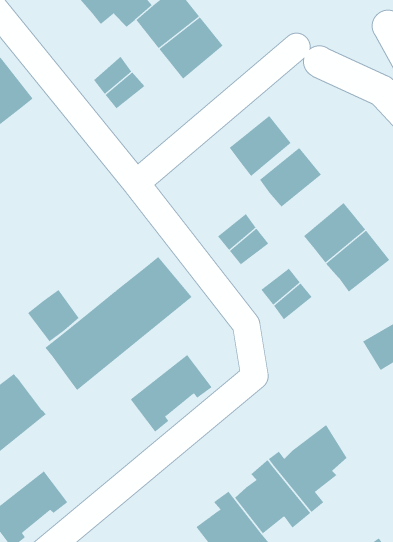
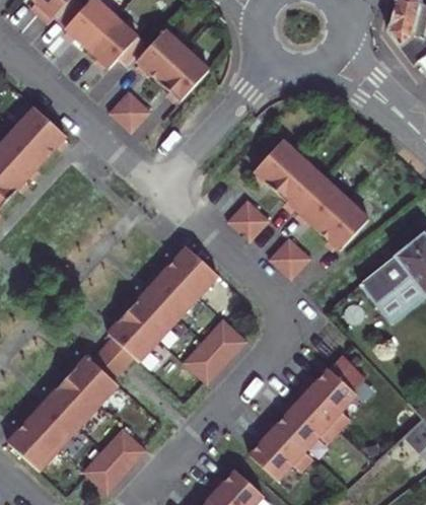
building: [229,115,292,177] -> [278,158,328,210]
building: [27,289,80,342] -> [90,339,133,382]

